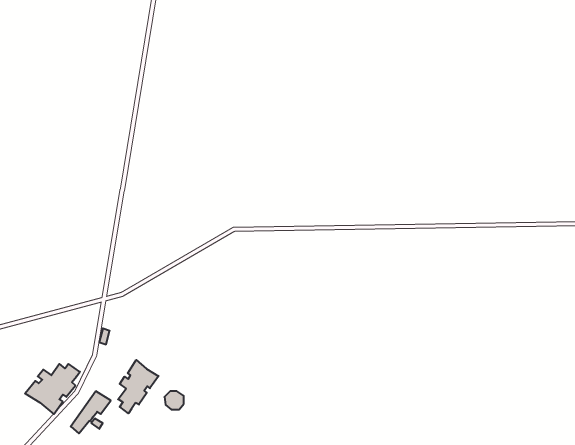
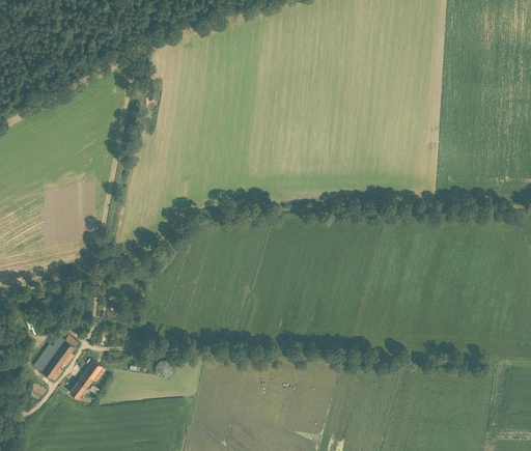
building: [118,360,159,413] -> none

